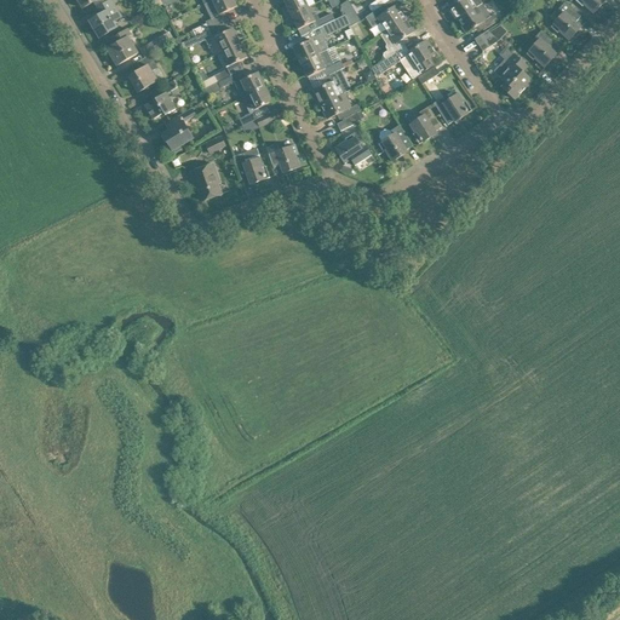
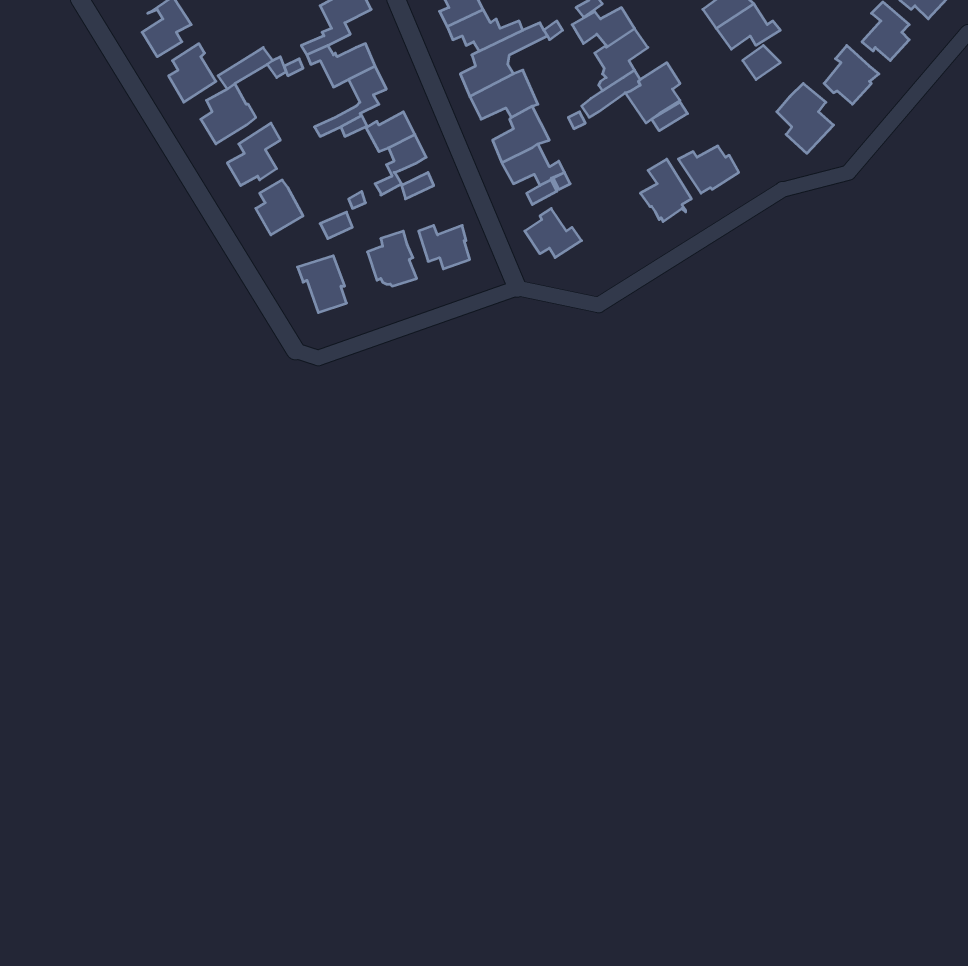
building: [379,125,413,161] -> none

